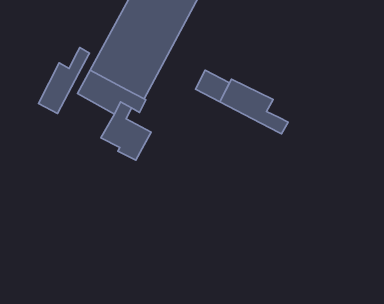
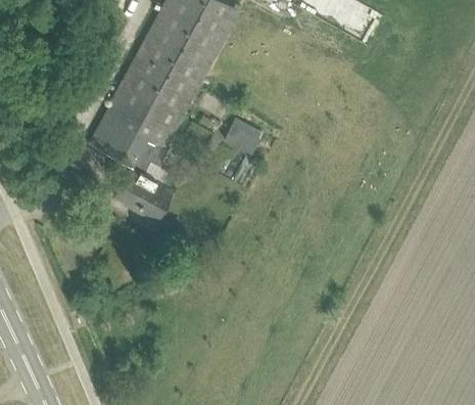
building: [38,47,90,113] -> none
building: [220,79,288,134] -> none

